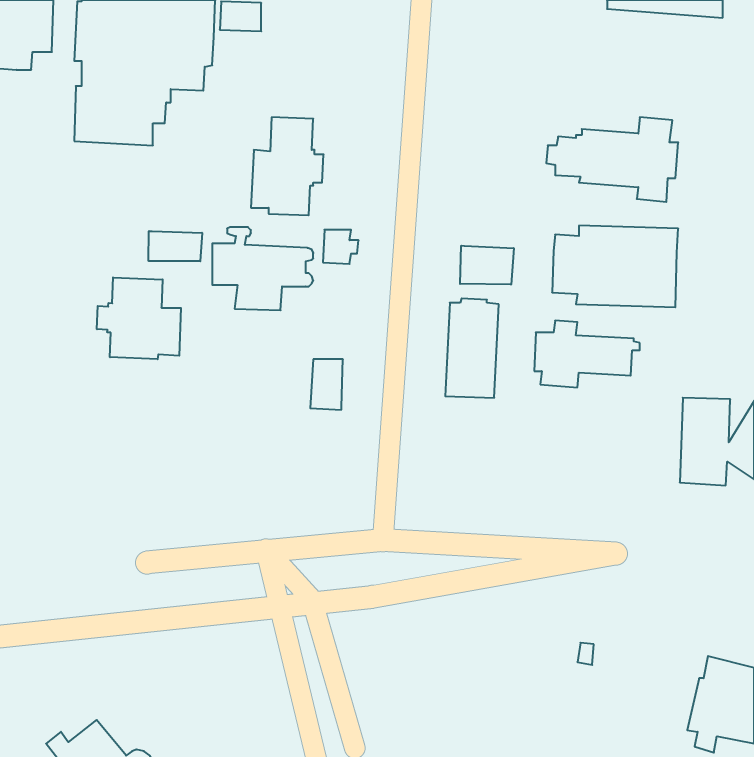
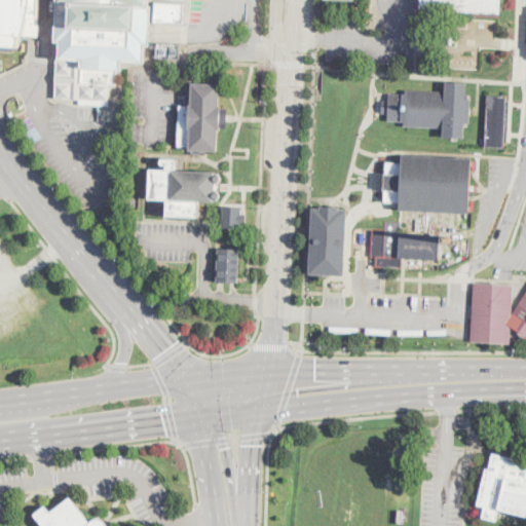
building: none -> [483,97,508,148]
building: [323,230,359,264] -> [220,208,245,231]
building: [149,231,202,261] -> none
building: [460,246,514,285] -> none
building: [97,277,181,359] -> none

